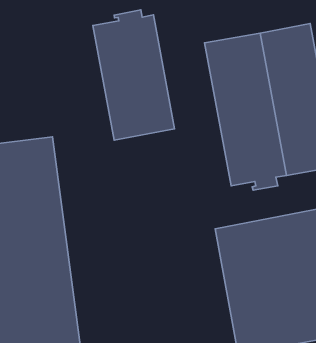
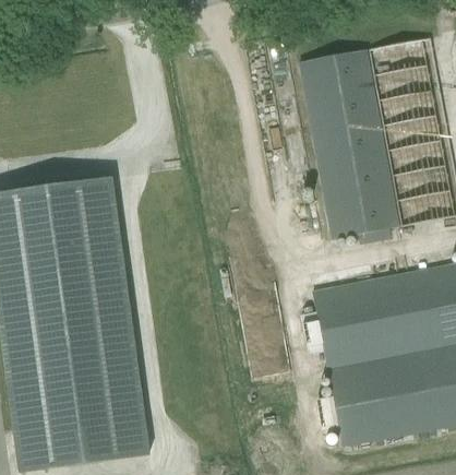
building: [93,10,174,140] -> none

